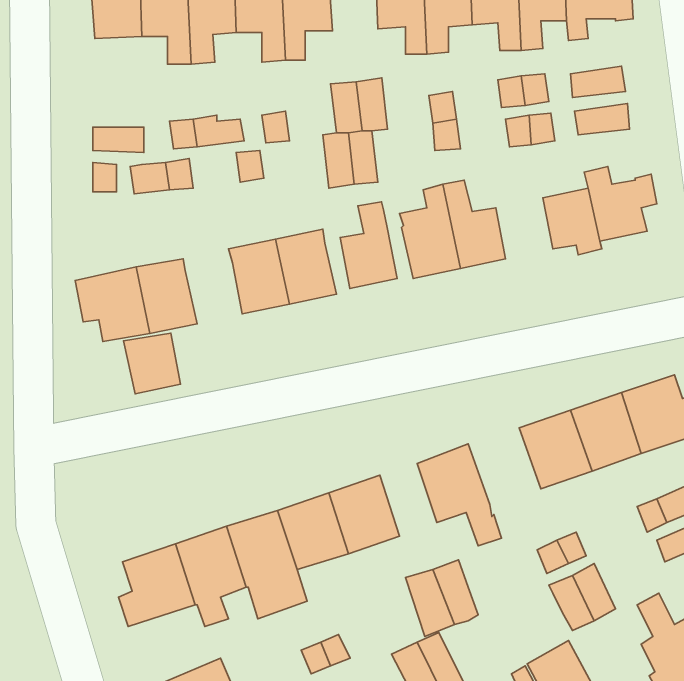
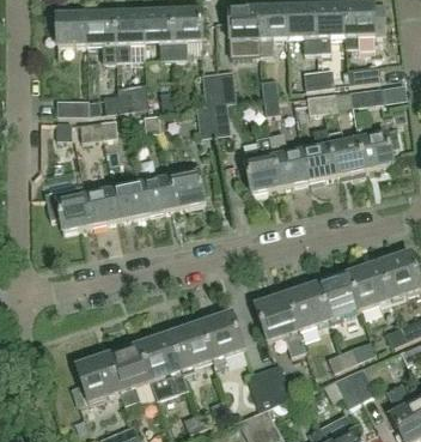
building: [340,202,397,288] -> [303,127,337,180]
building: [124,333,181,394] -> [114,182,148,219]
building: none -> [286,283,330,329]

